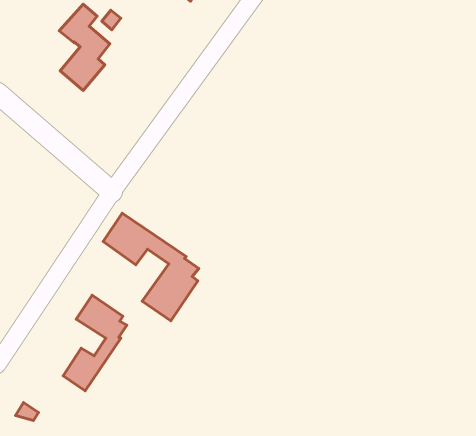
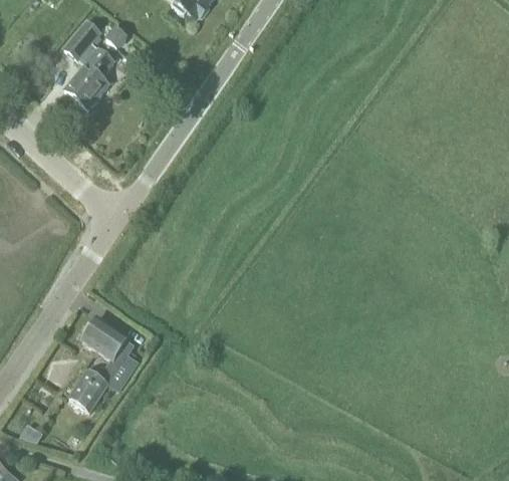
building: [103,213,199,321] -> none

